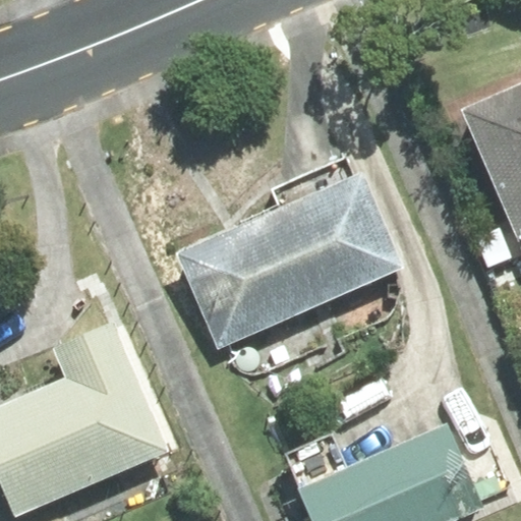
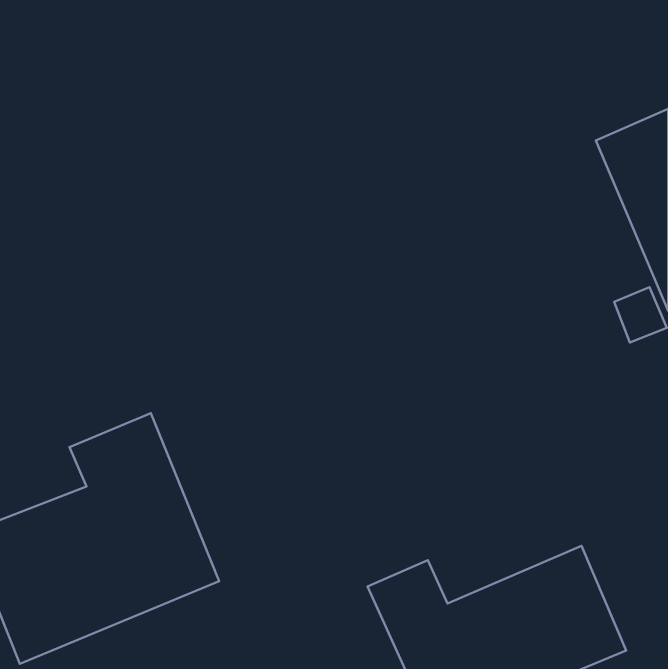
building: [177,173,404,348] -> none

